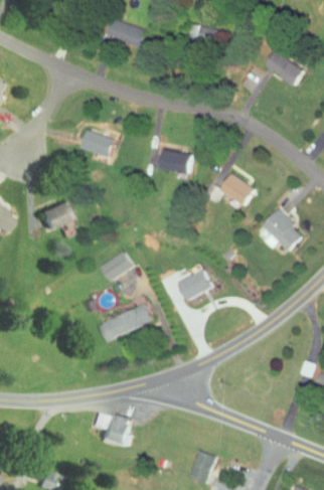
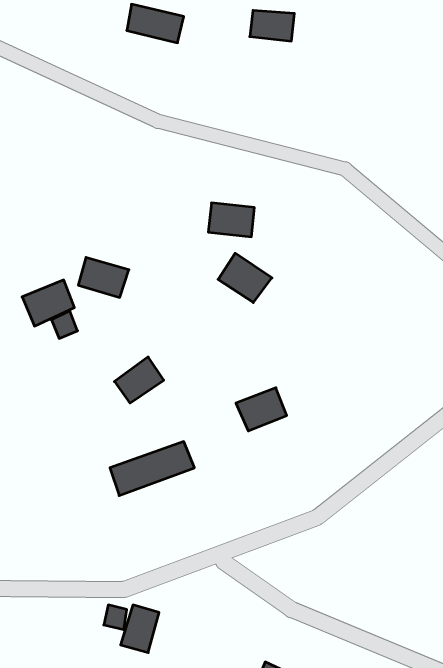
building: [266,50,307,86] -> none
building: [84,130,117,156] -> [78,257,129,297]
building: [223,173,259,205] -> [218,253,272,303]
building: [258,209,304,252] -> none

